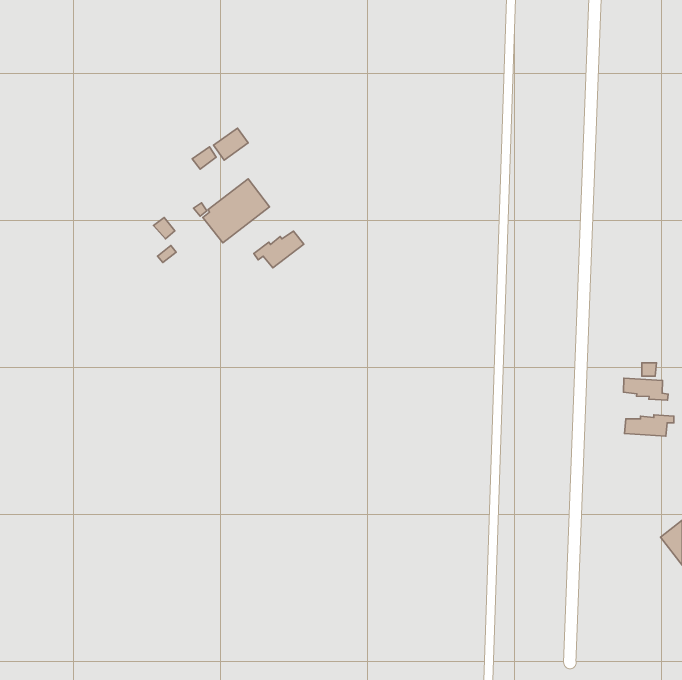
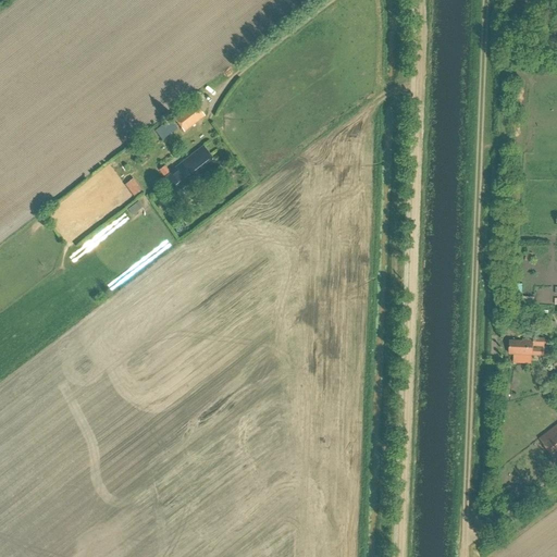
building: [254,231,304,268] -> none
building: [623,378,668,400] -> none

